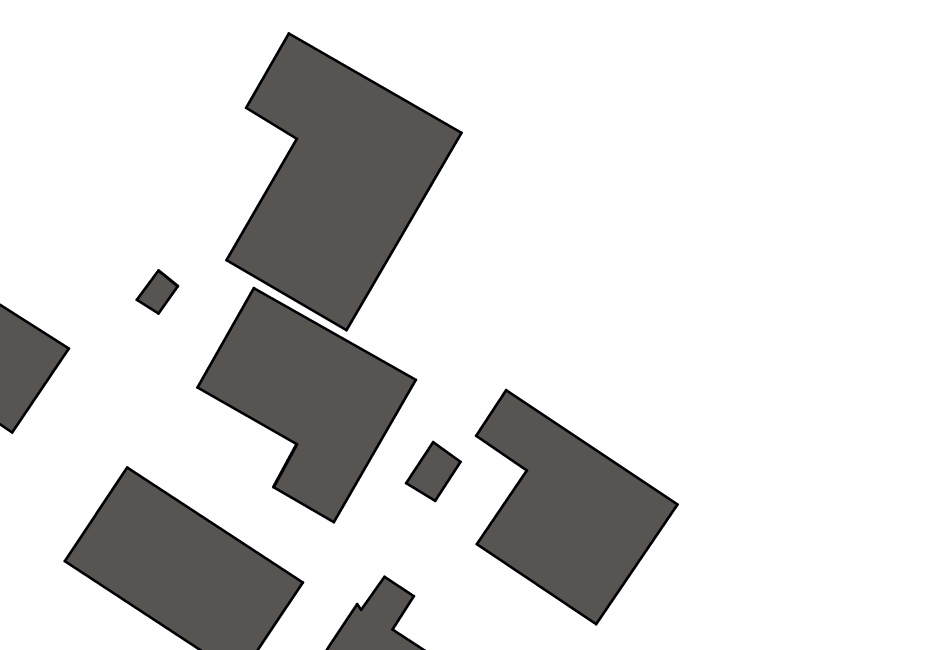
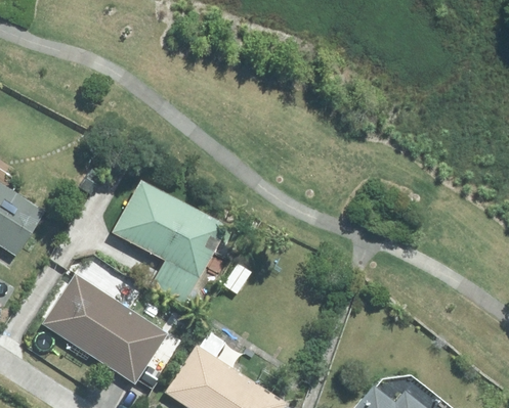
building: [226,33,462,330] -> none
building: [476,390,678,624] -> none

